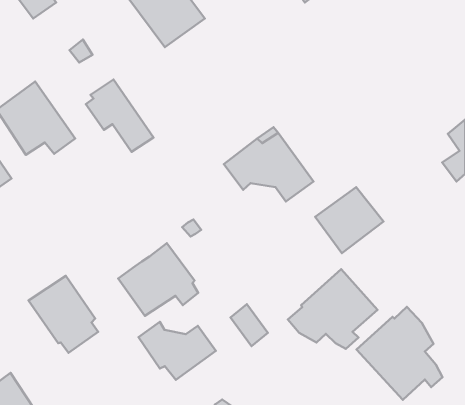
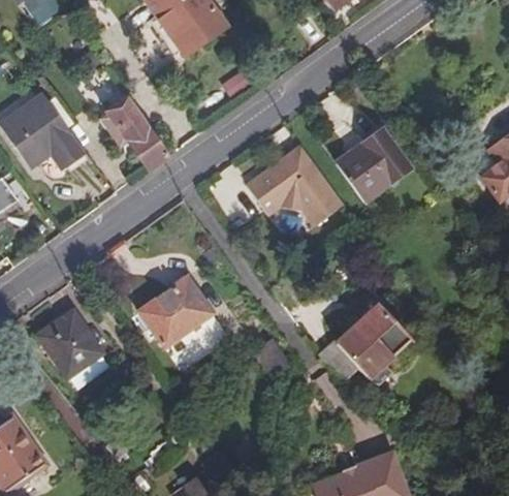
building: [315,187,384,253] -> [333,129,408,200]
building: [357,307,443,400] -> none
building: [138,322,216,380] -> none

